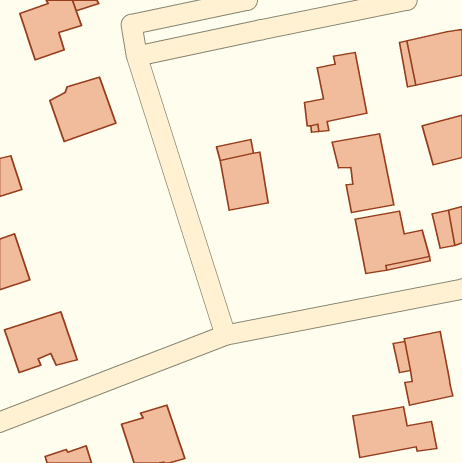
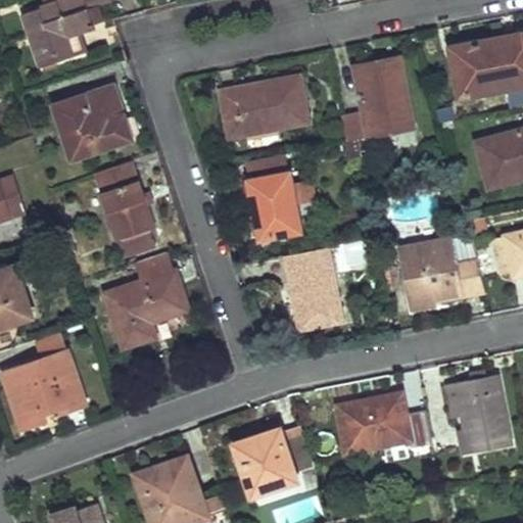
building: none -> [223,78,308,137]
building: [332,134,394,212] -> none
building: none -> [95,161,153,255]
building: none -> [284,247,342,330]
building: none -> [104,252,188,346]
building: none -> [235,428,315,495]
building: [353,407,437,458] -> [337,395,432,453]

